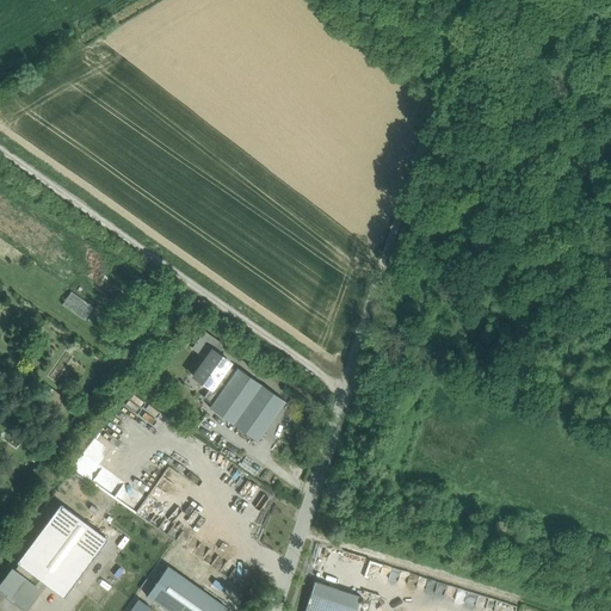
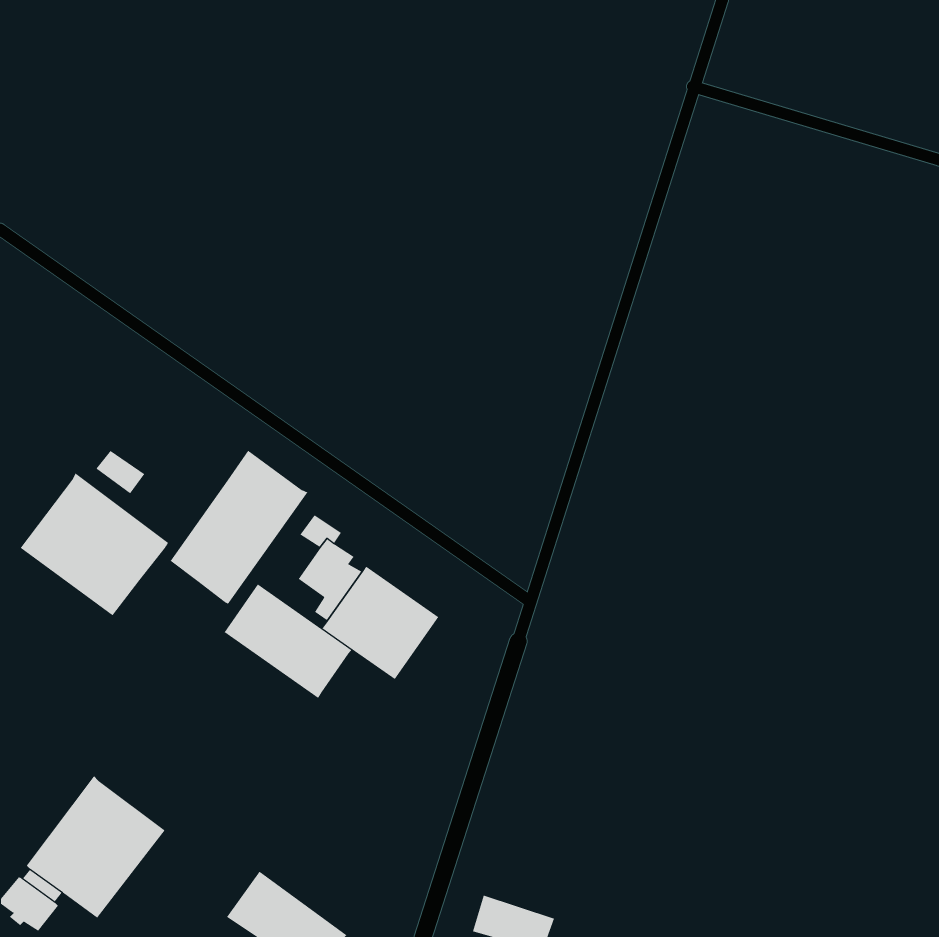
building: none -> [170,450,308,604]
building: none -> [20,472,169,616]
building: none -> [224,583,352,699]

